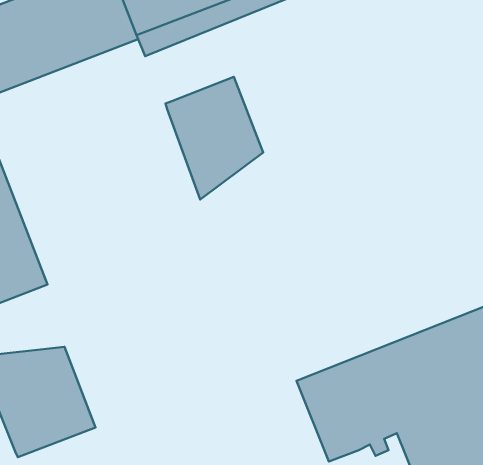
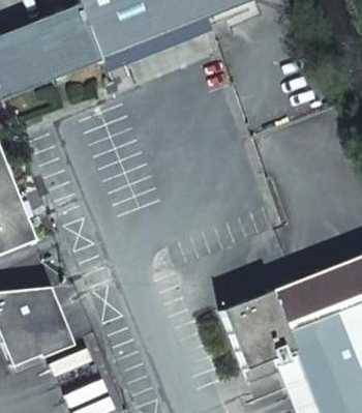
building: [165,77,263,199] -> none

